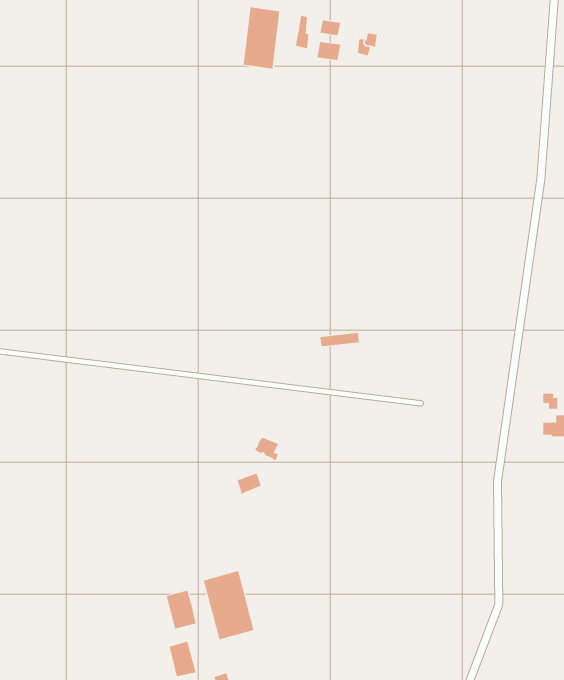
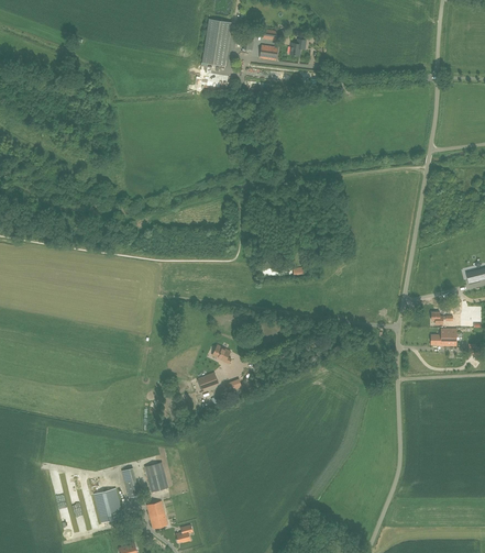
building: [203,570,254,640] -> none
building: none -> [93,487,122,521]

